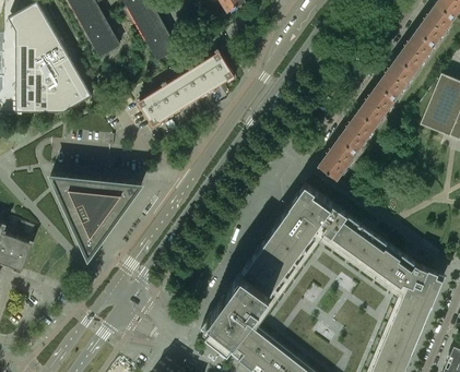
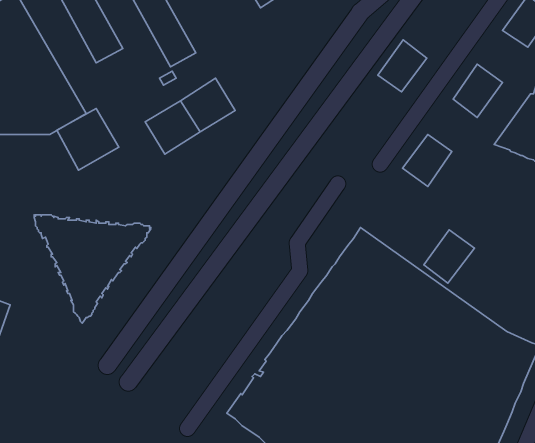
building: [396,31,435,71] -> none
building: [192,51,234,93] -> none
building: [357,84,396,124] -> [378,40,427,92]
building: none -> [57,109,119,170]
building: [318,137,357,179] -> [424,230,474,283]

